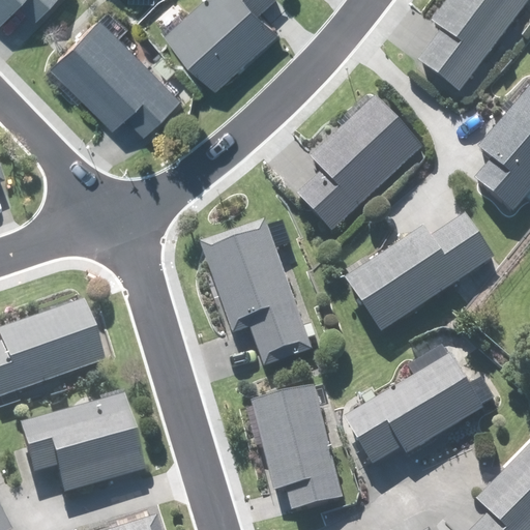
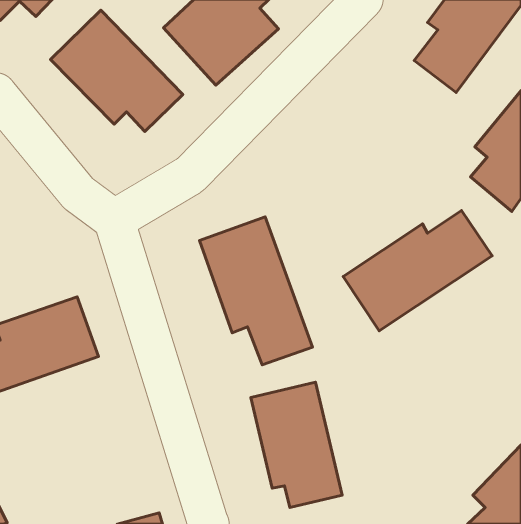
building: [298,95,424,232] -> none
building: [346,343,485,464] -> none
building: [19,391,143,492] -> none

